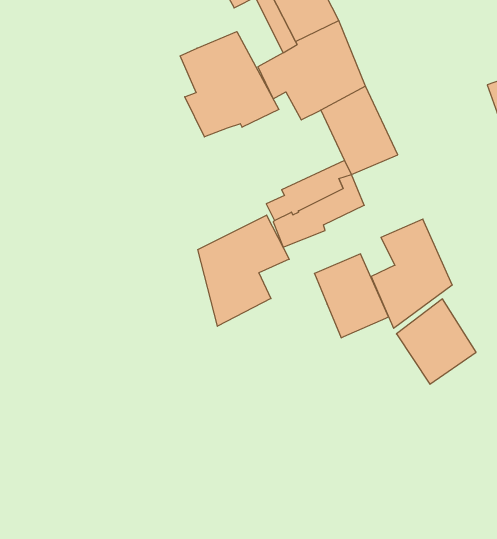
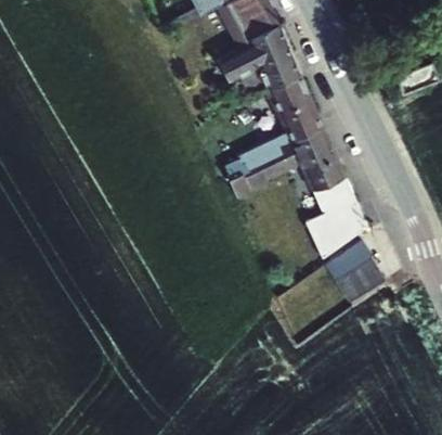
building: [180,32,279,137] -> none
building: [198,215,289,326] -> none
building: [314,254,389,338] -> [288,126,346,191]

